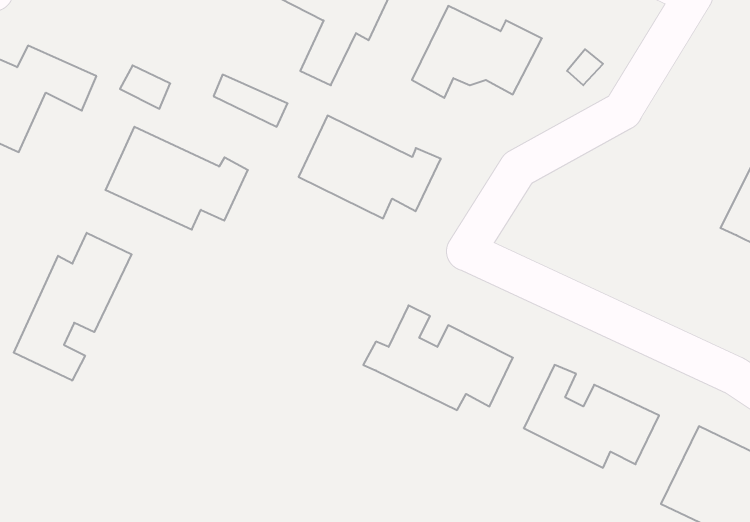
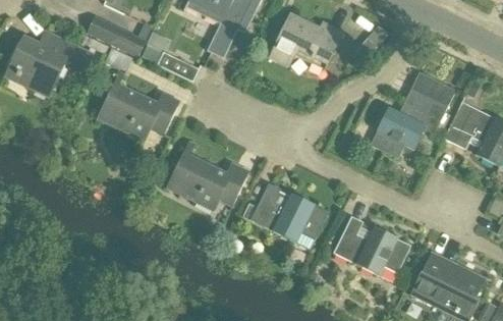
building: none -> [87,15,153,57]
building: none -> [370,71,455,157]
building: [299,116,441,218] -> [166,151,246,209]
building: [14,233,132,381] -> none

